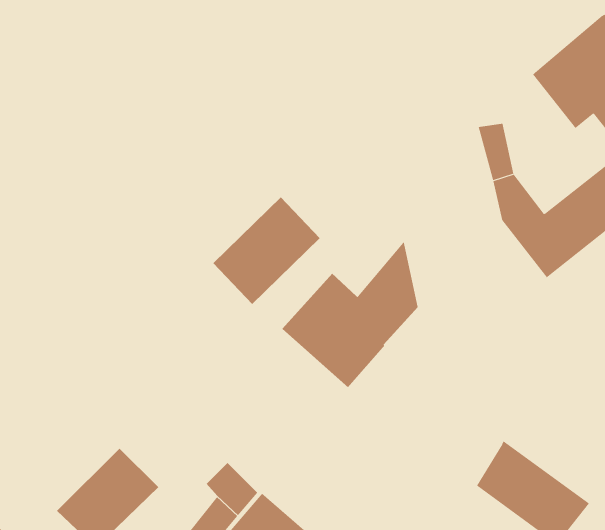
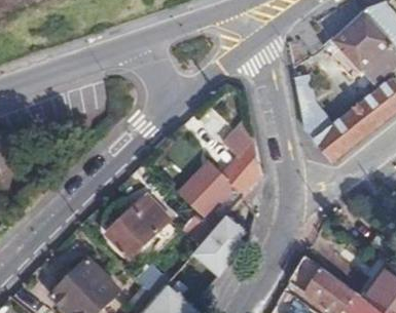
building: [212,197,320,305] -> [107,196,169,258]
building: none -> [193,214,255,278]

